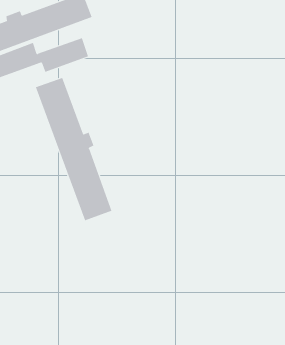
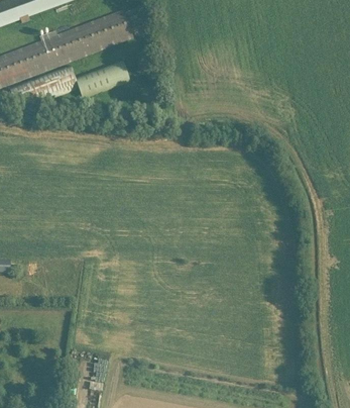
building: [35,77,112,221] -> none

